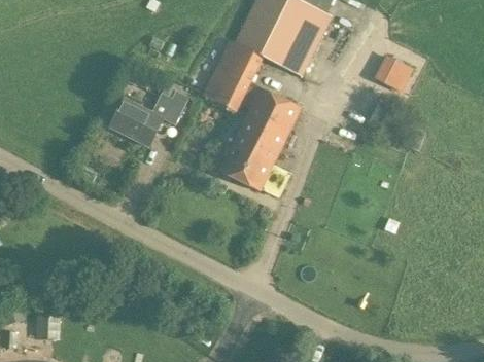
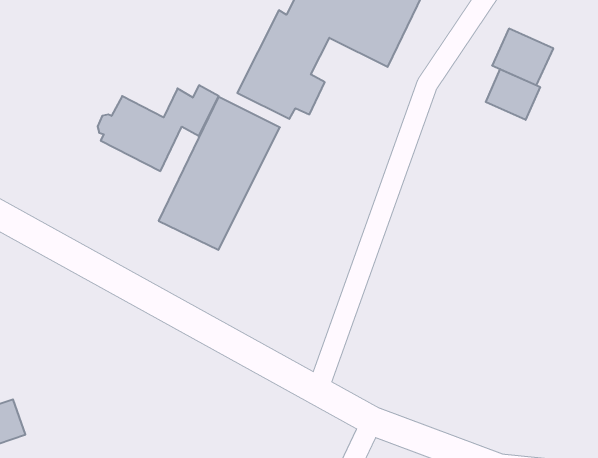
building: none -> [486,69,540,120]
building: [219,88,301,191] -> [159,97,280,250]

